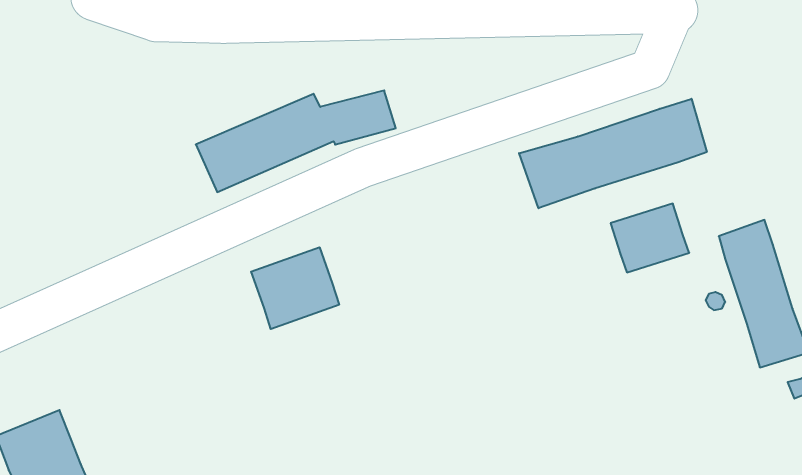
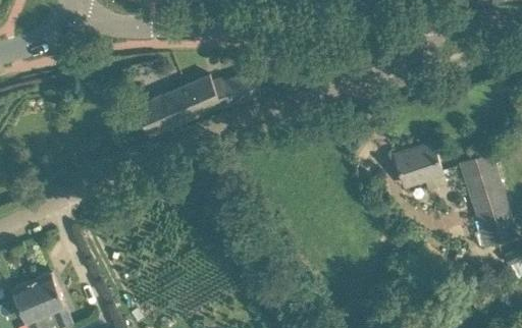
building: [519,99,707,208] -> none
building: [251,247,339,329] -> none

